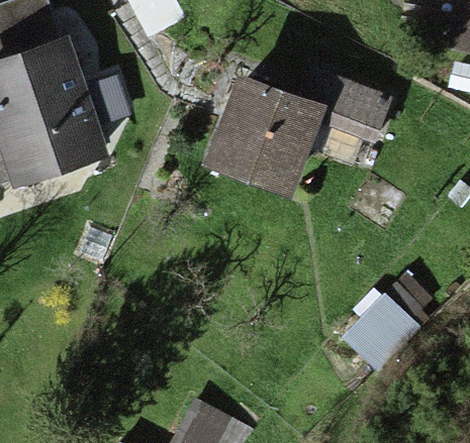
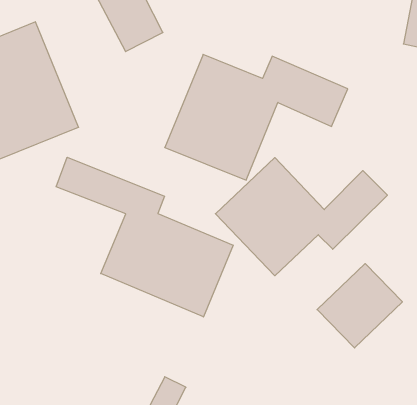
building: none -> [56,157,233,317]
building: none -> [215,158,387,276]

